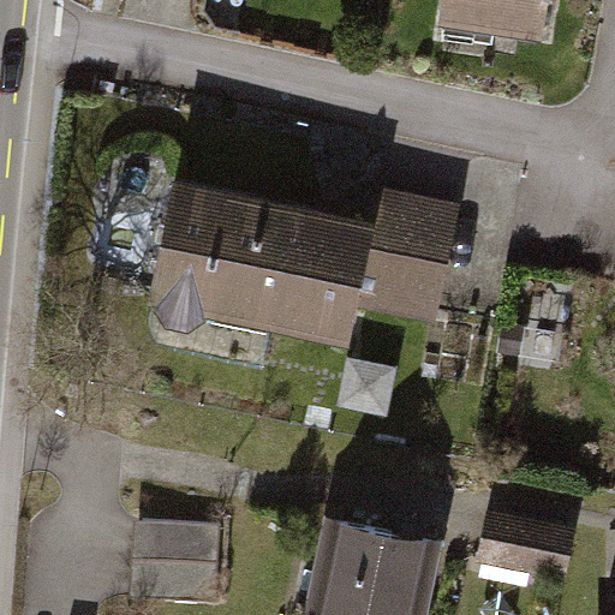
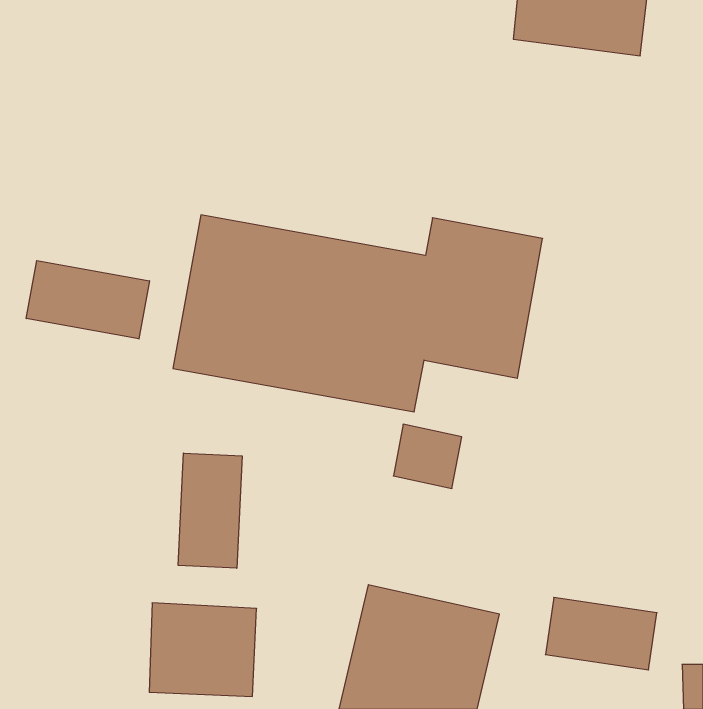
building: none -> [26,261,149,339]
building: none -> [178,453,242,568]

